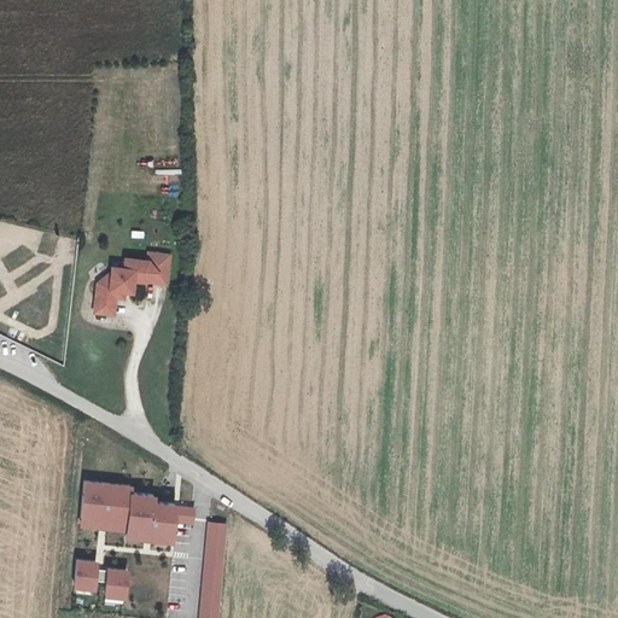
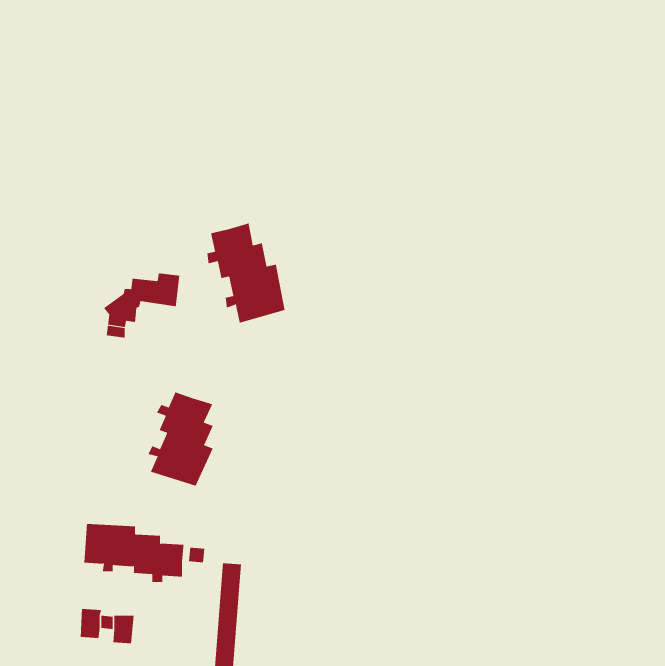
building: none -> [207,223,285,323]
building: none -> [147,391,214,486]

